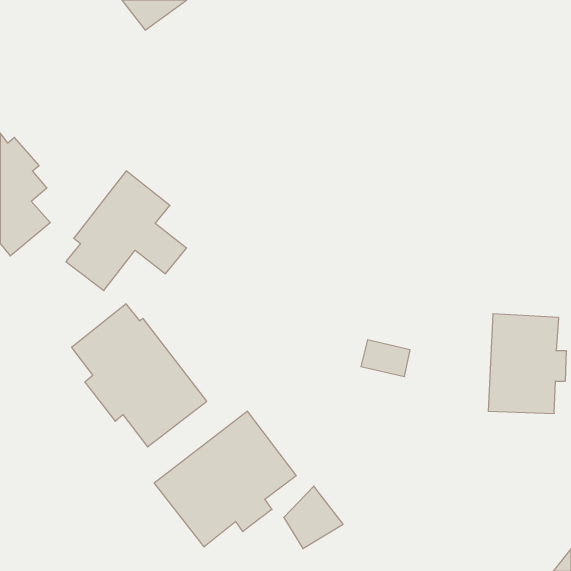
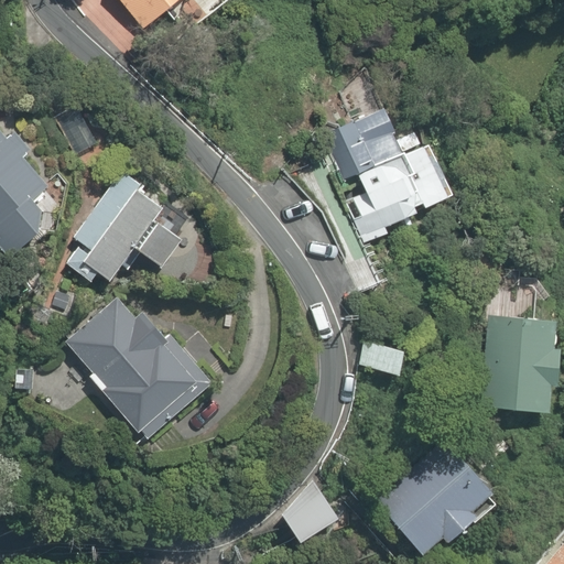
building: none -> [335,104,449,242]
building: [154,411,296,547] -> none
building: none -> [386,452,491,552]

